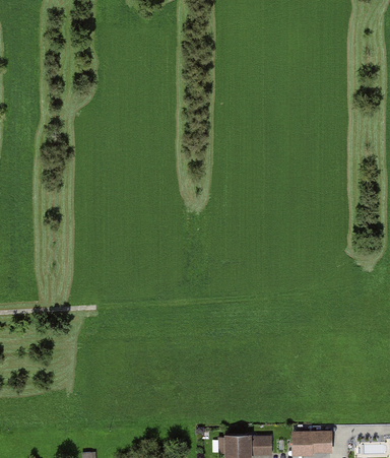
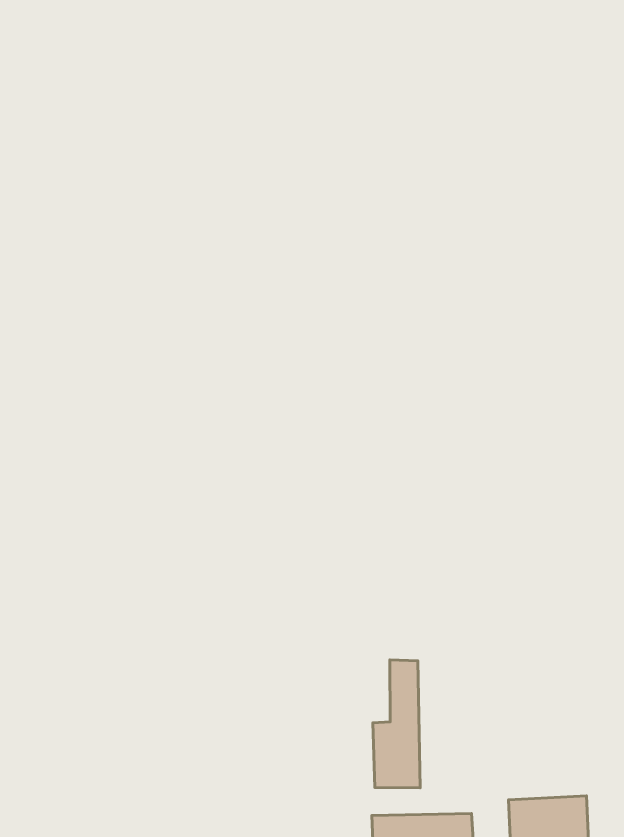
building: none -> [373,660,420,788]

